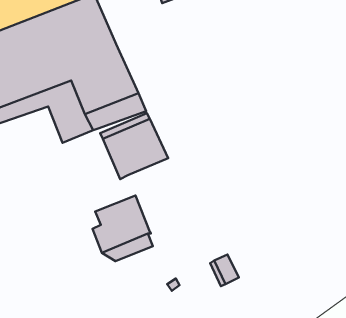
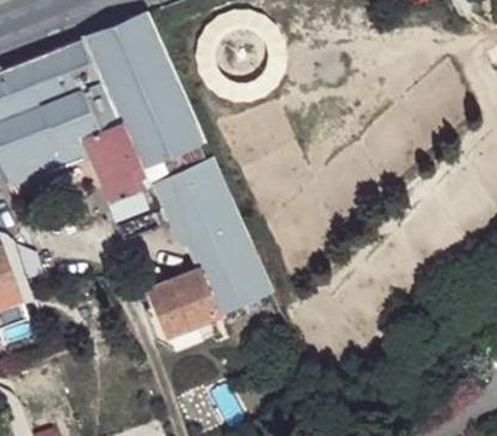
building: none -> [191,221,271,314]

